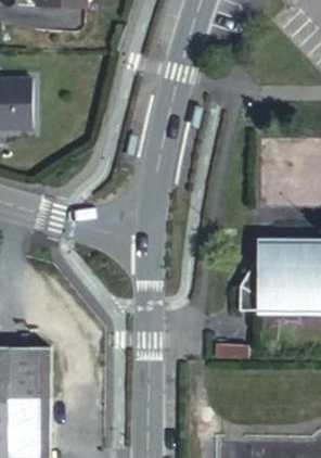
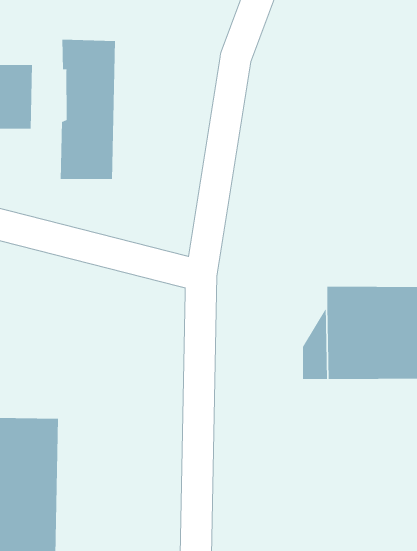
building: none -> [60,39,116,180]

